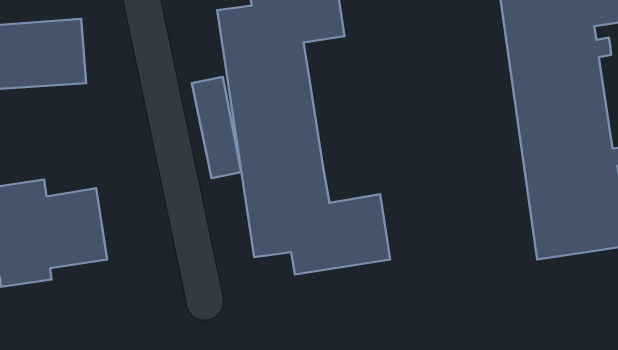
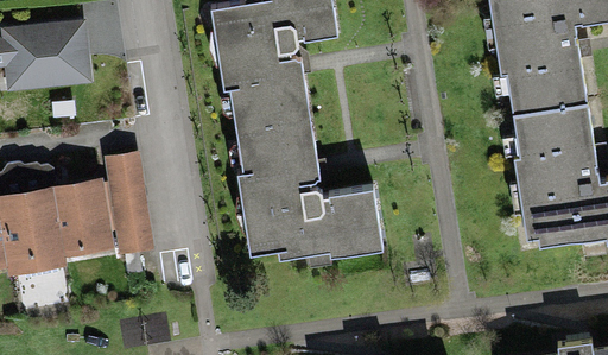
building: [192,77,241,178] -> [103,154,151,252]

